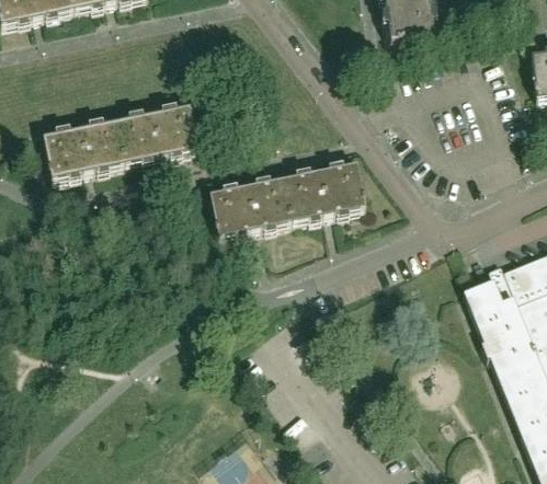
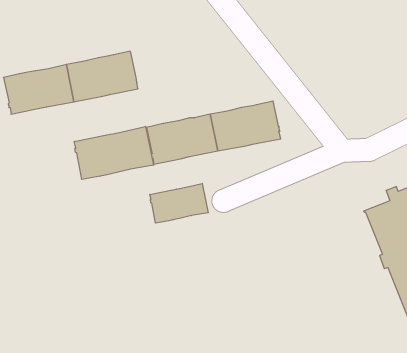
building: none -> [74,126,153,179]
building: none -> [150,183,208,223]

